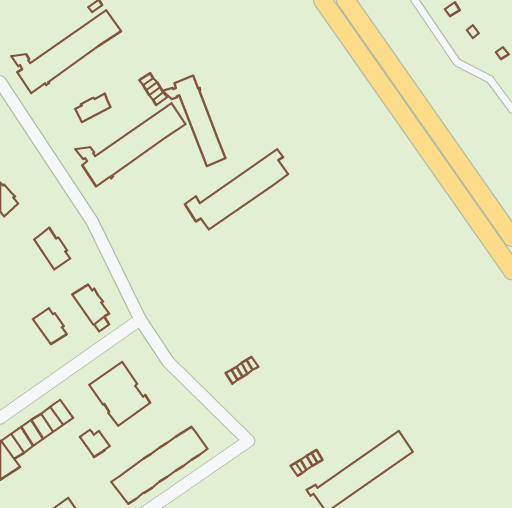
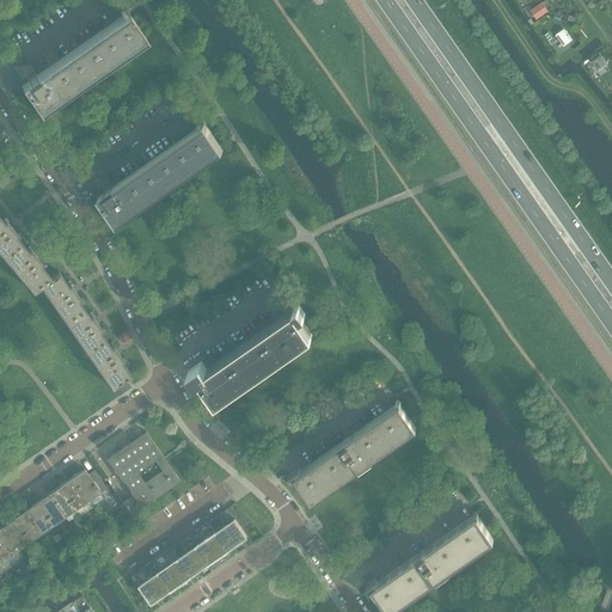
building: [162,75,226,166] -> none
building: [75,93,110,122] -> none
building: [185,149,288,229] -> [189,310,312,405]
building: none -> [5,247,51,296]
building: [33,308,67,344] -> [65,313,105,356]
building: none -> [289,408,416,504]
building: [80,430,110,457] -> [72,473,108,506]

